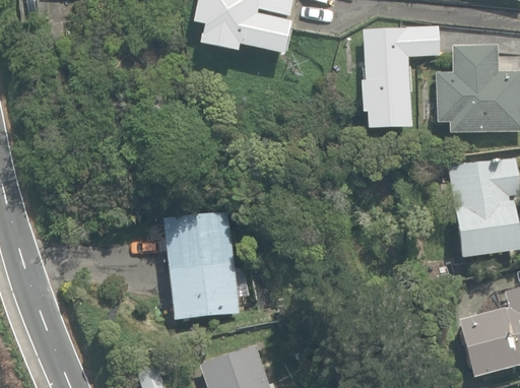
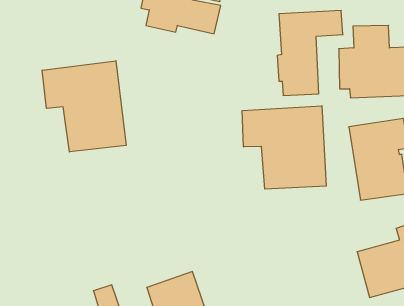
building: none -> [42,61,126,152]
building: none -> [242,106,326,189]
building: [164,210,240,319] -> none

